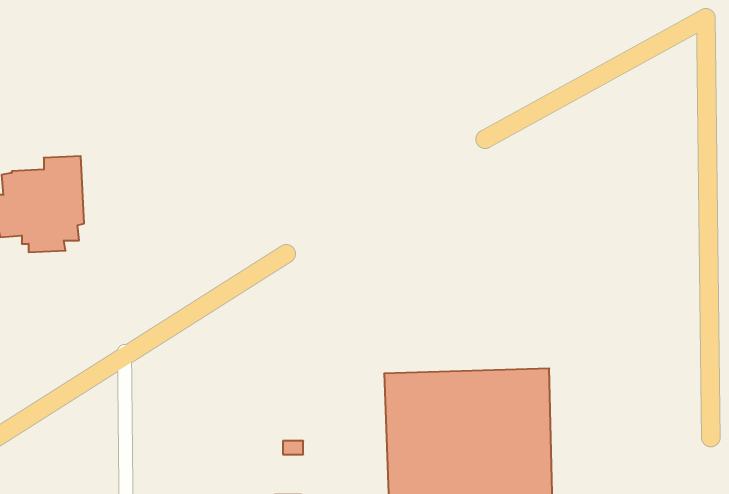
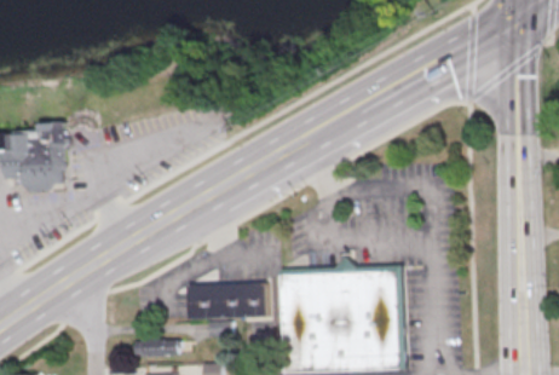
building: none -> [188,282,267,318]
building: none -> [134,336,179,353]

